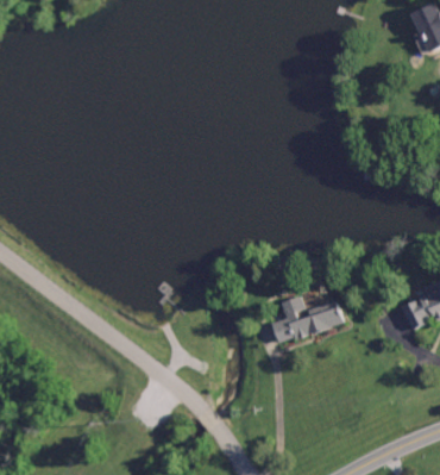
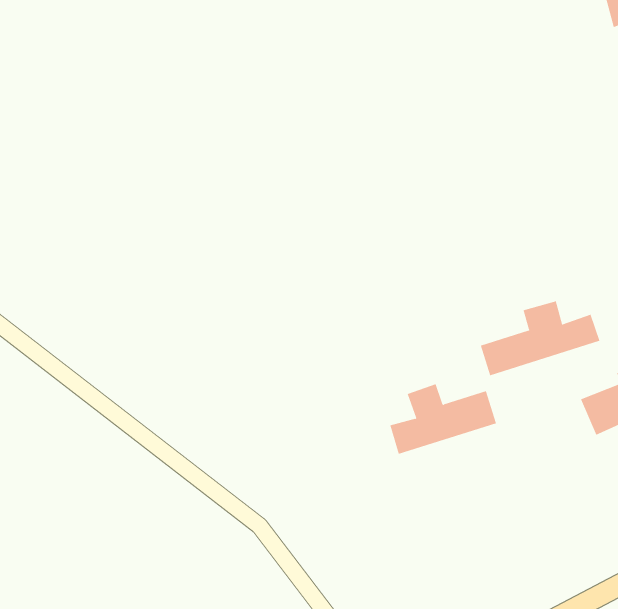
building: none -> [480,300,600,376]

